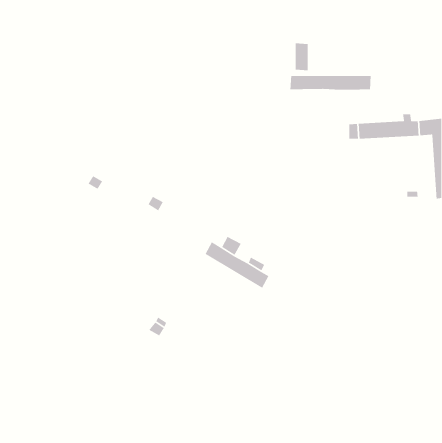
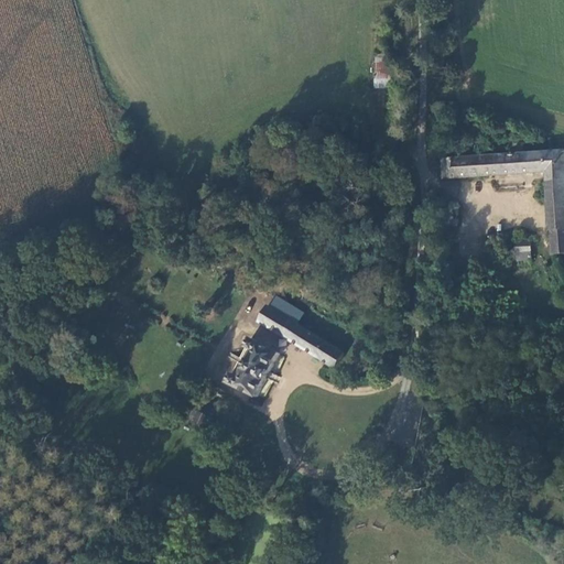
building: [290,75,372,90] -> none
building: none -> [227,336,280,397]

